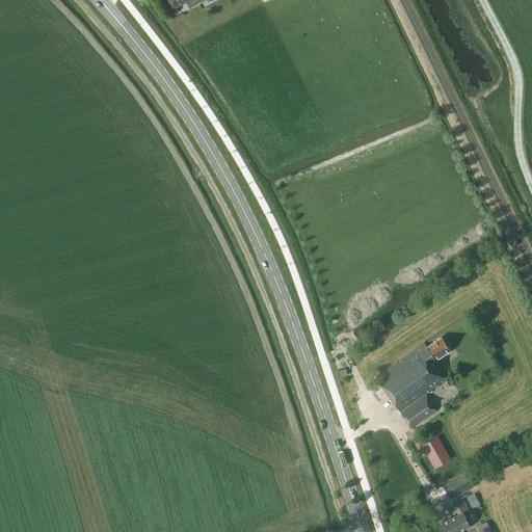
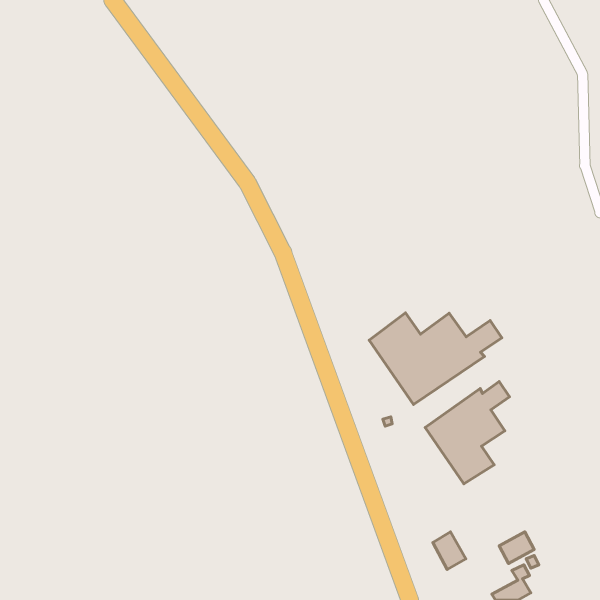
building: none -> [369,313,502,405]
building: [422,435,451,469] -> [433,532,466,569]

